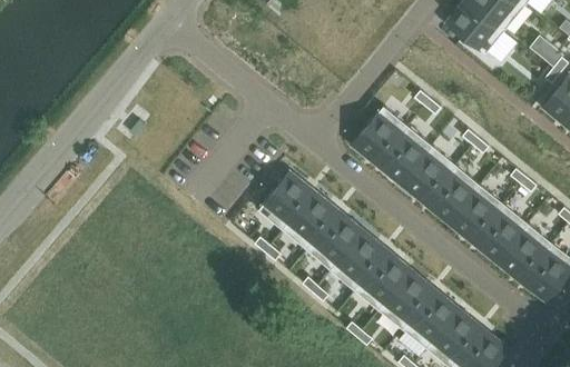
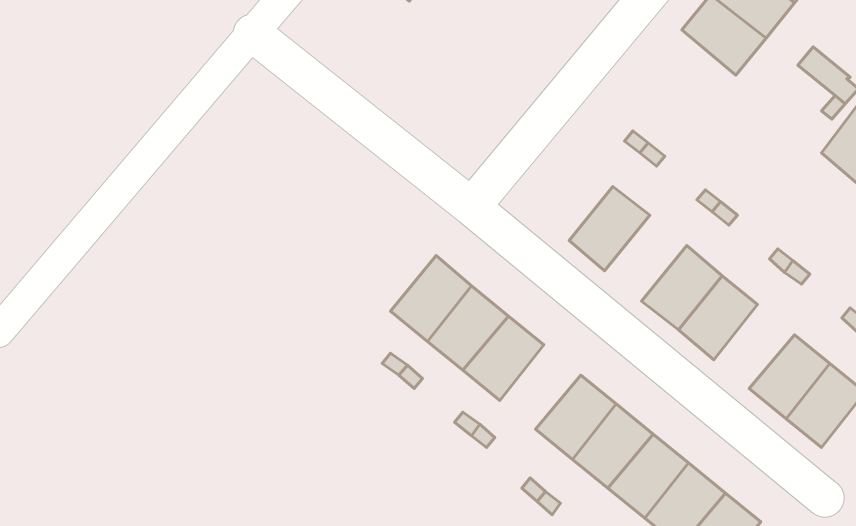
building: [353,107,406,162] -> none
building: [401,146,454,201] -> none
building: [473,205,527,260] -> none
building: [332,231,385,287] -> none

